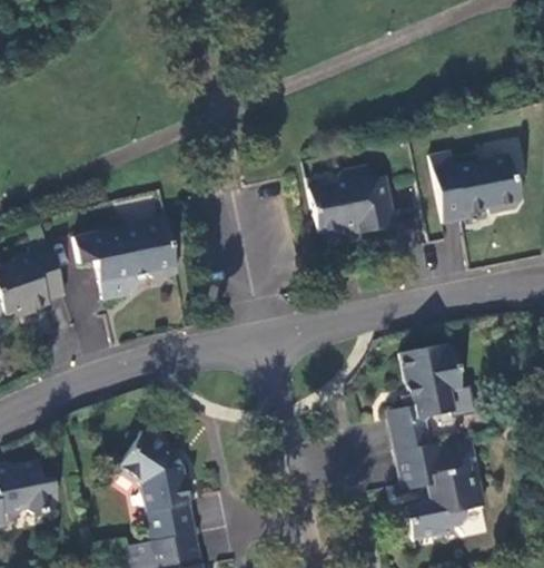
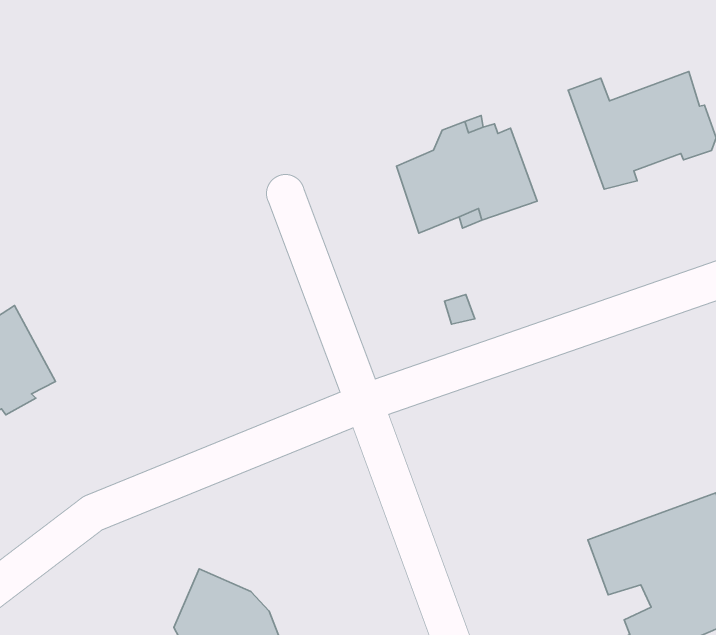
building: [72,214,177,297] -> none
building: [386,343,461,451] -> none

